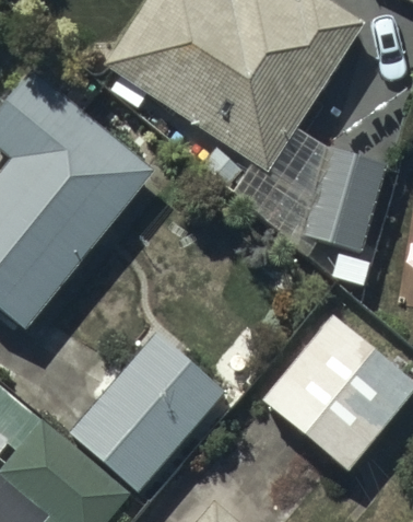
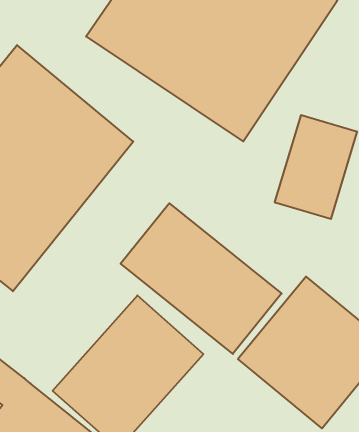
building: none -> [121,203,282,354]

